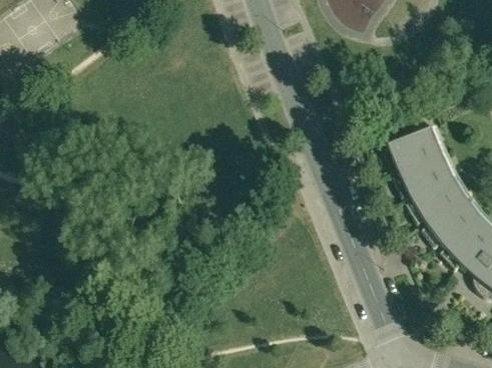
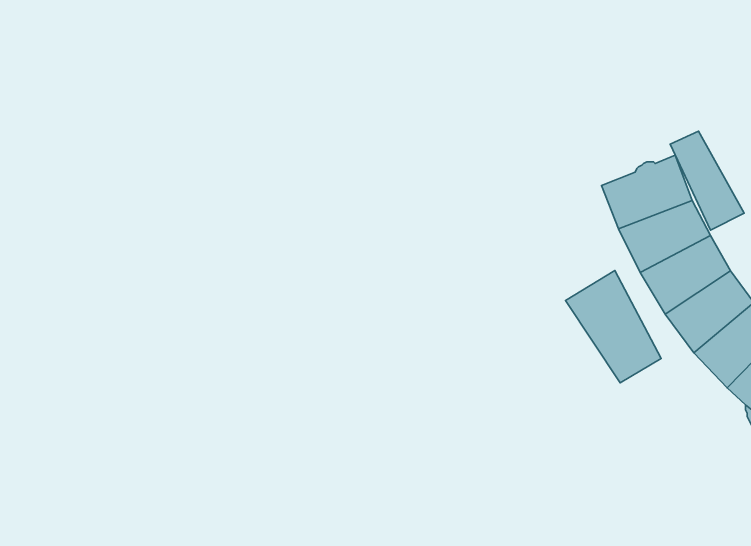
building: none -> [670,131,744,230]
building: none -> [565,271,661,383]

